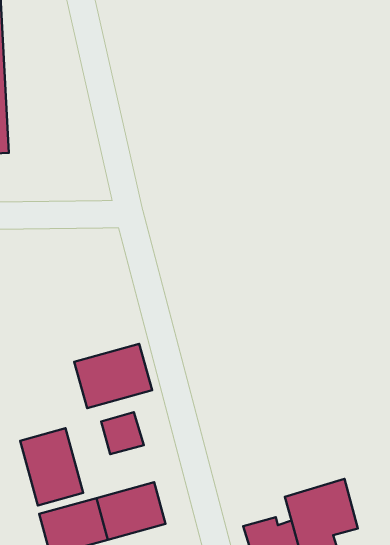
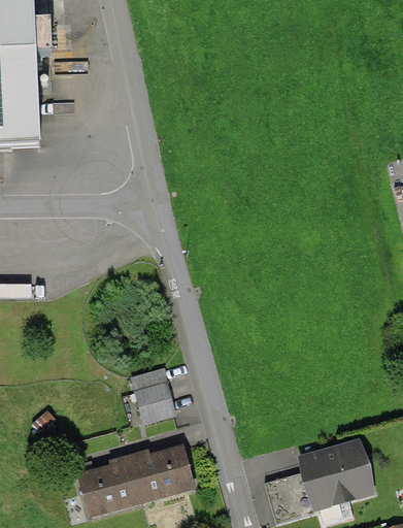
building: [74,344,152,408] -> none
building: [20,428,83,505] -> none

